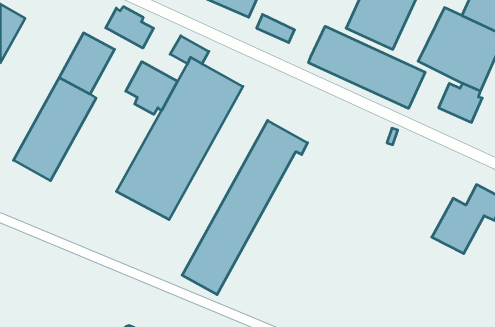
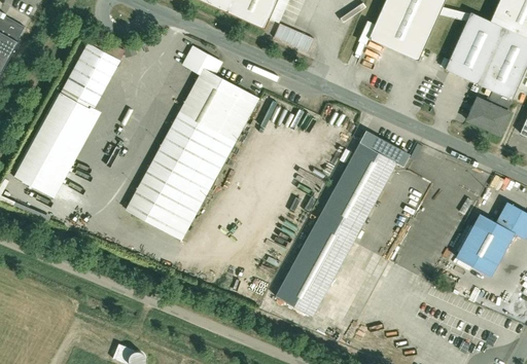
building: [106,7,154,48] -> none
building: [309,26,425,108] -> none
building: [126,62,178,114] -> none
building: [182,120,308,295] -> [276,132,409,316]

